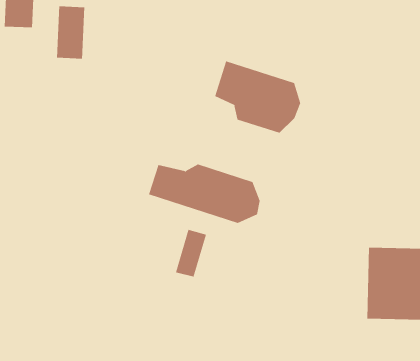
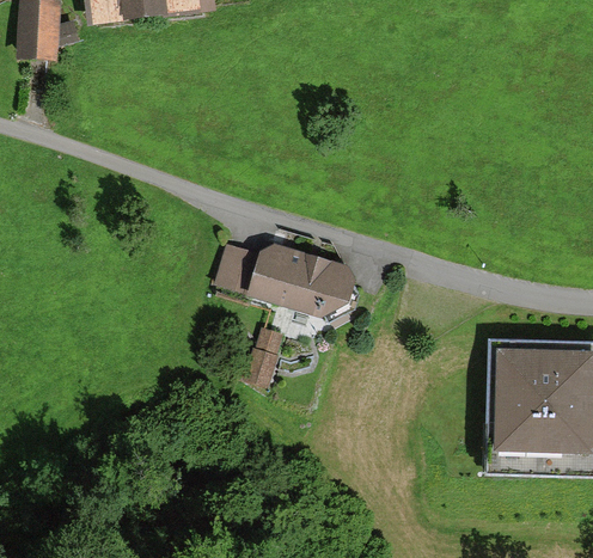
building: [57,5,85,60] -> none
building: [215,60,301,134] -> none

